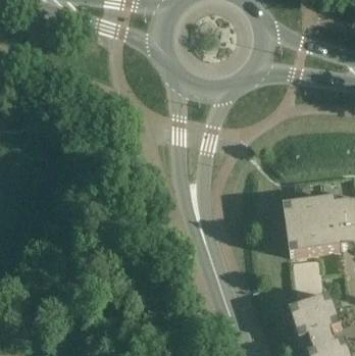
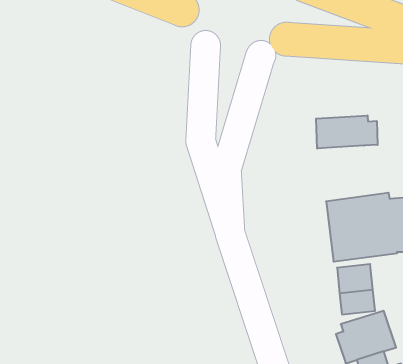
building: none -> [316,115,378,149]

